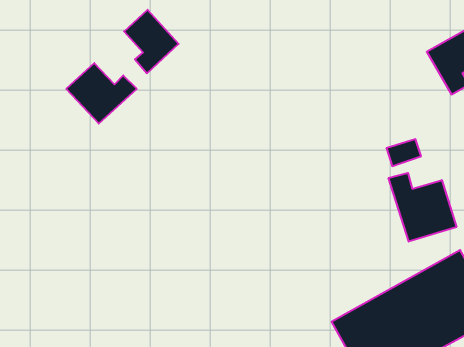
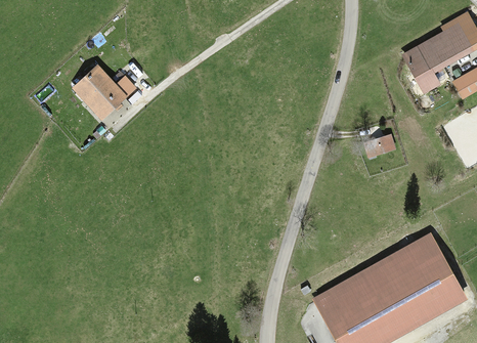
building: [124,10,179,73] -> none
building: [389,173,456,242] -> none

